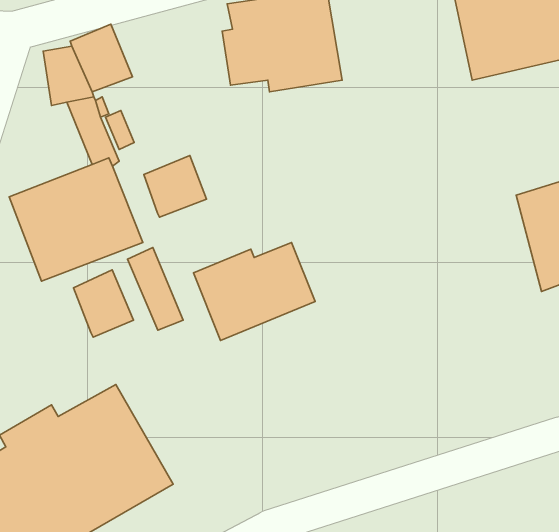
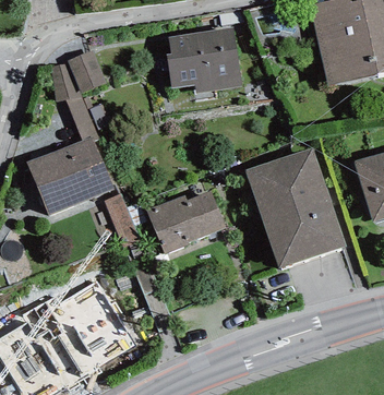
building: [144,155,206,217] -> none
building: none -> [244,147,345,268]
building: [73,270,133,337] -> none

